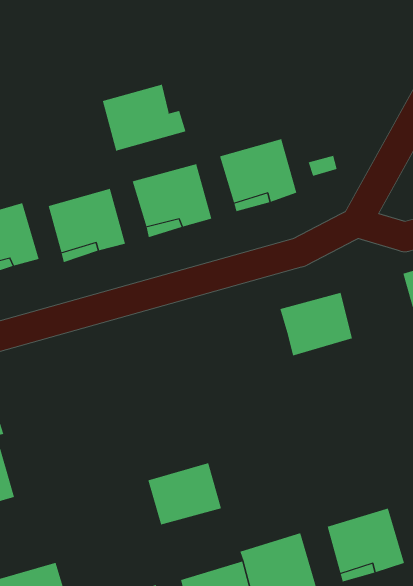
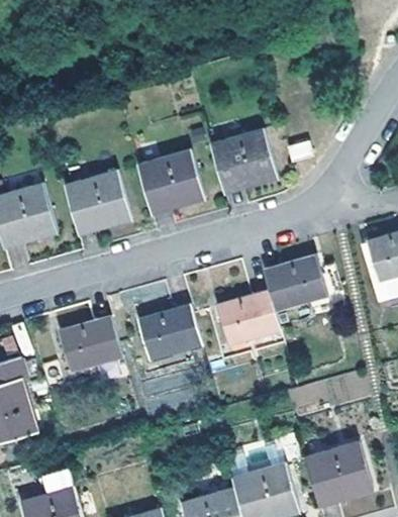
building: [102,84,186,151] -> none
building: none -> [217,292,280,346]
building: none -> [60,317,122,372]
building: [147,462,222,525] -> [138,306,202,359]

